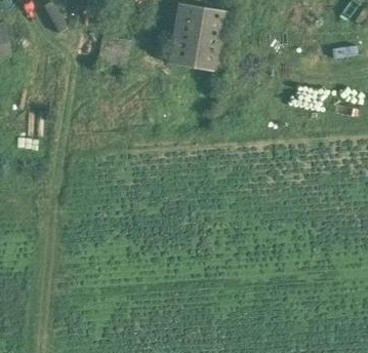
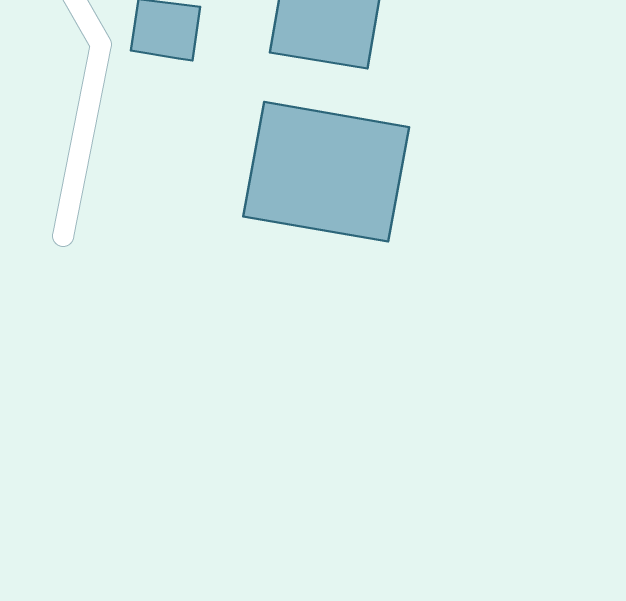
building: none -> [243,102,409,242]

